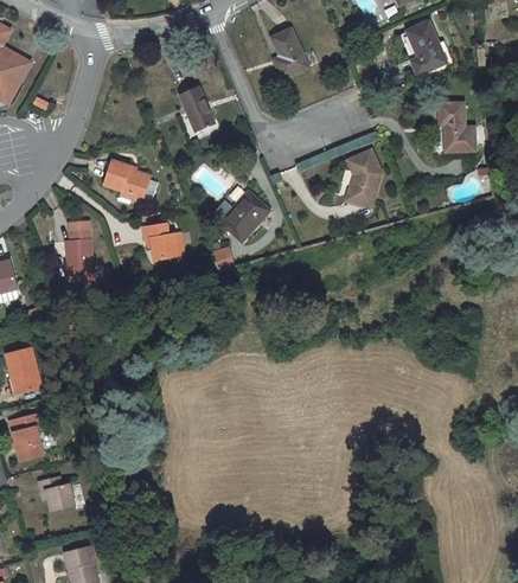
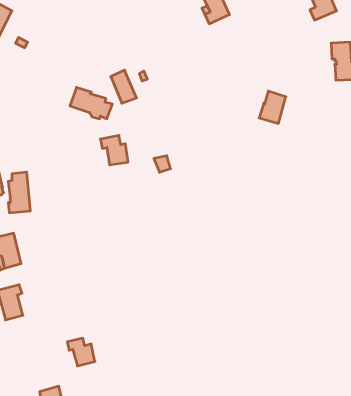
building: [180,87,213,129] -> [111,70,137,103]
building: [211,190,270,242] -> none
building: [65,229,94,281] -> [8,172,30,213]
building: [38,475,73,511] -> [67,338,95,366]

